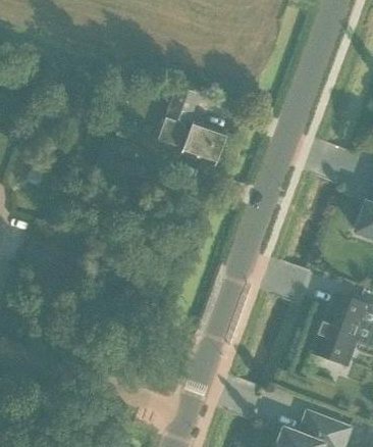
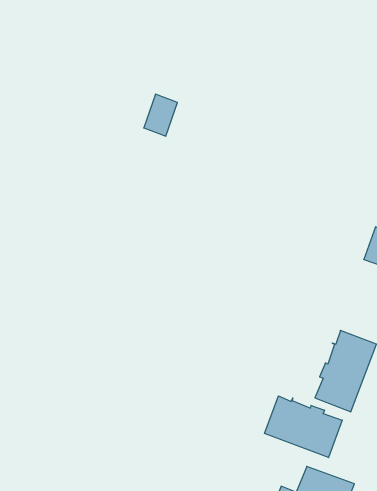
building: [157,119,224,166] -> none
building: none -> [265,396,342,458]

